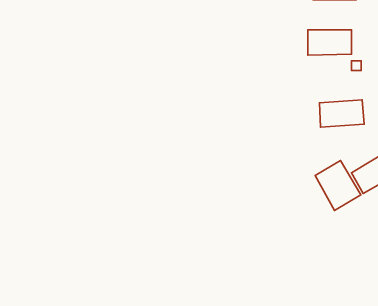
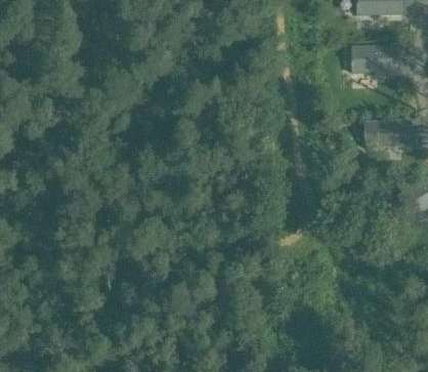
building: [315,160,361,211] -> none

